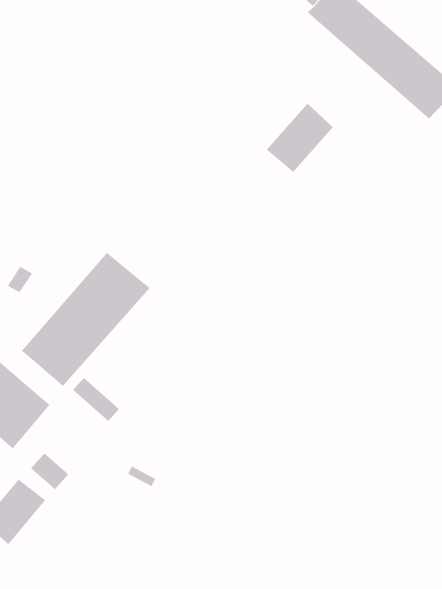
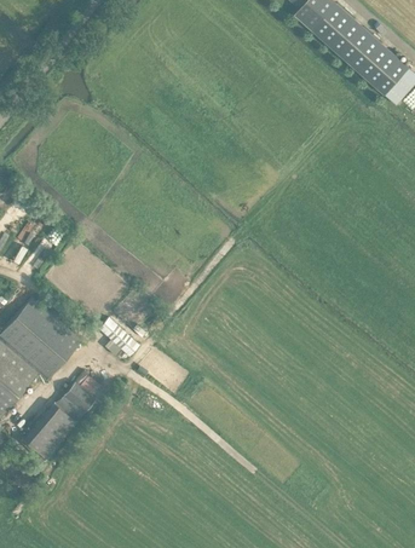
building: [266,103,334,173] -> none
building: [21,252,150,387] -> none

